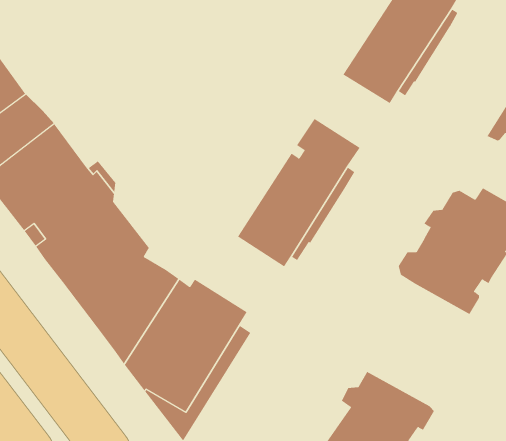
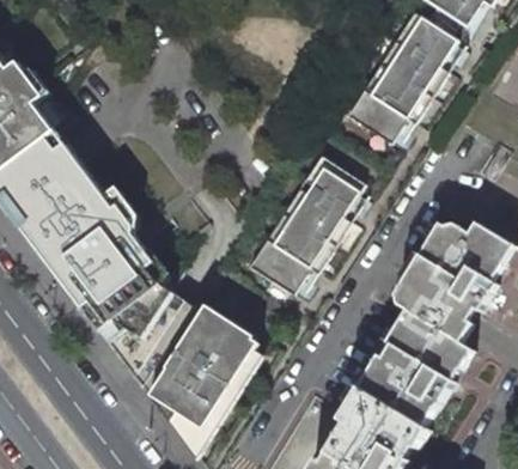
building: none -> [368,310,476,424]

